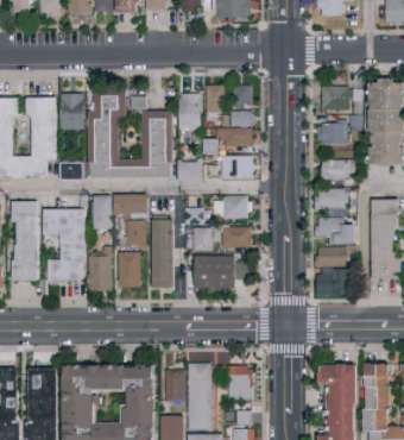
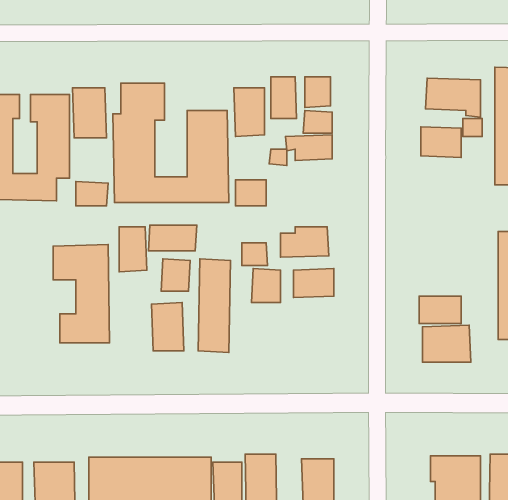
building: [220,155,252,178] -> none
building: [320,159,349,180] -> none
building: [314,189,355,244] -> none
building: [12,201,38,281] -> none
building: [87,245,112,290] -> none
building: [192,254,247,290] -> none

